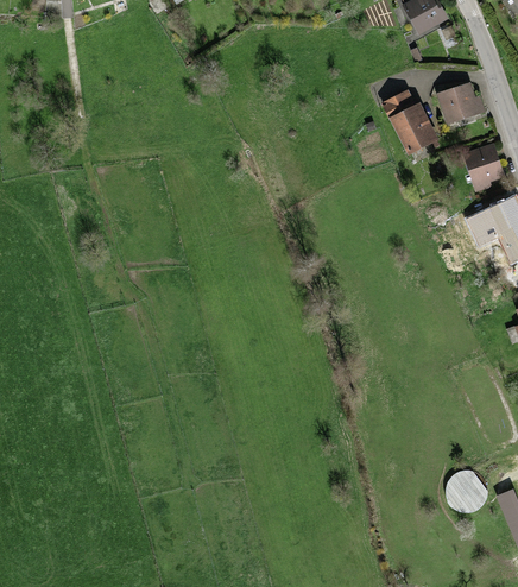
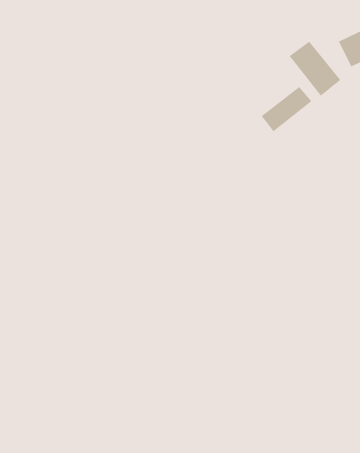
building: none -> [261,86,312,132]

